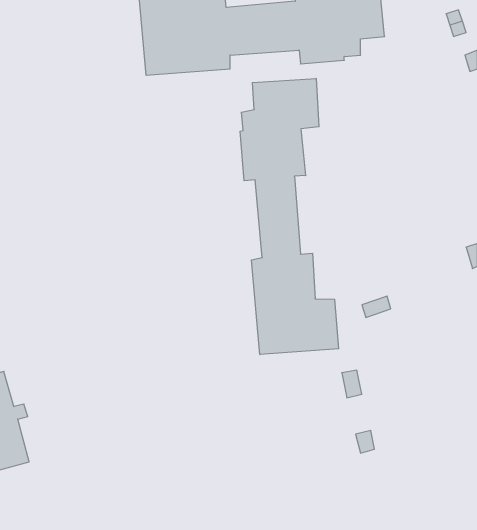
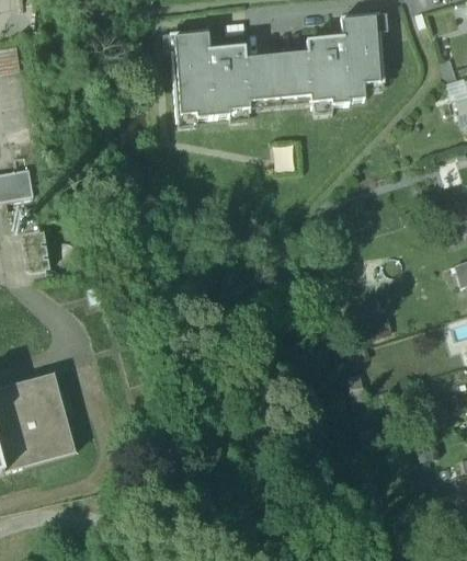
building: [240,78,339,355] -> none

